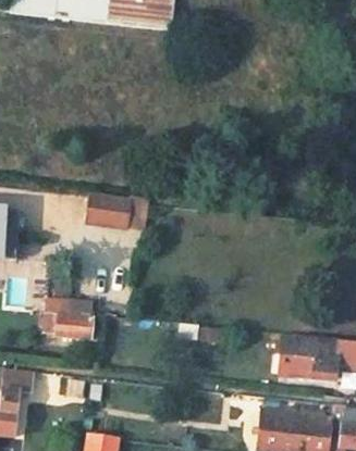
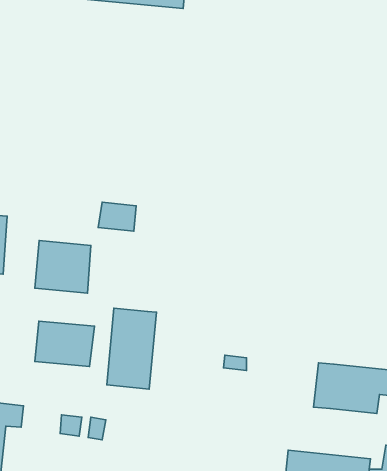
building: none -> [35,241,91,293]
building: none -> [107,308,156,389]

